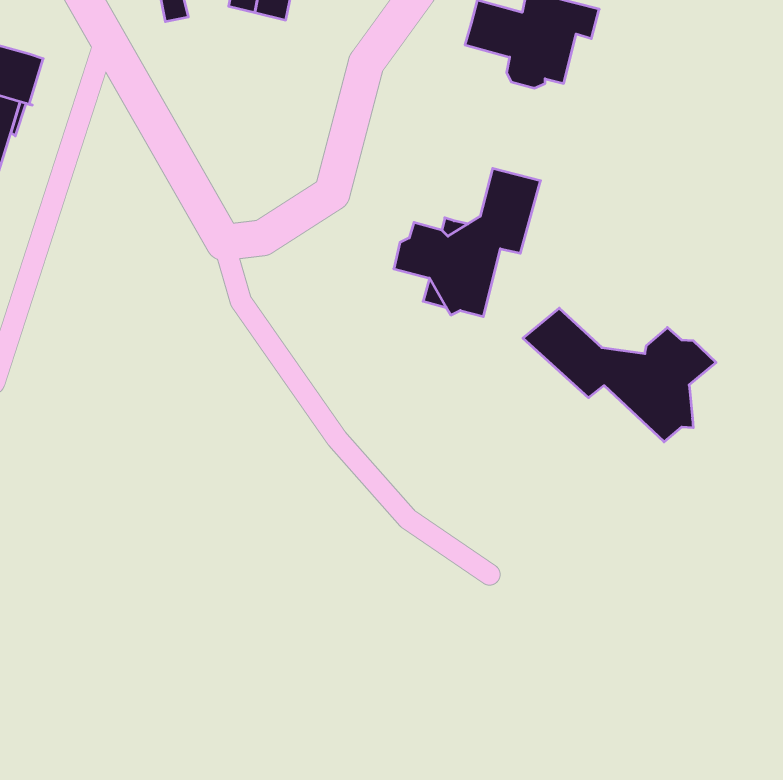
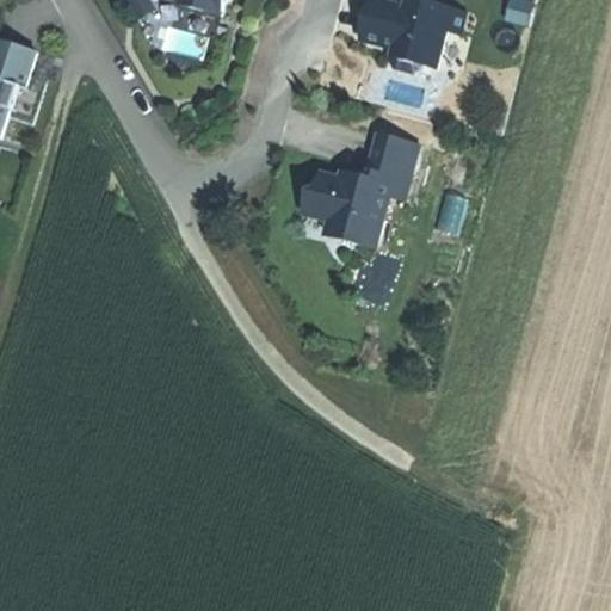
building: [523,308,716,442] -> none

